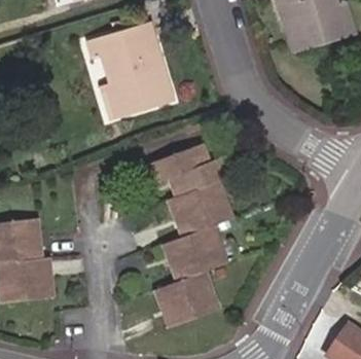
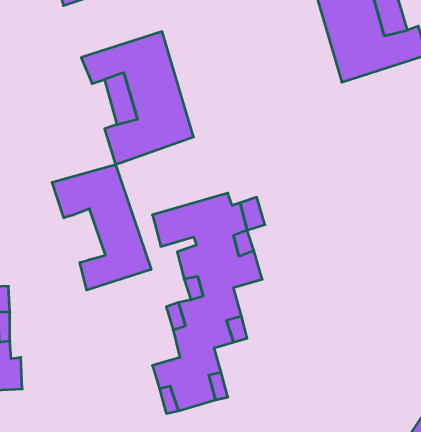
building: none -> [52,164,151,290]

